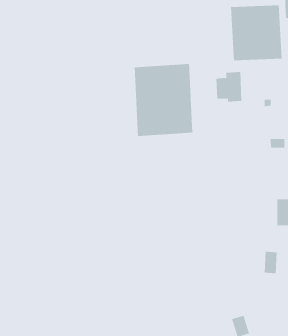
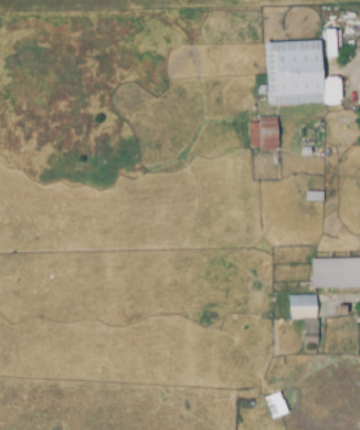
building: [134,63,193,137] -> none
building: none -> [289,294,317,317]

